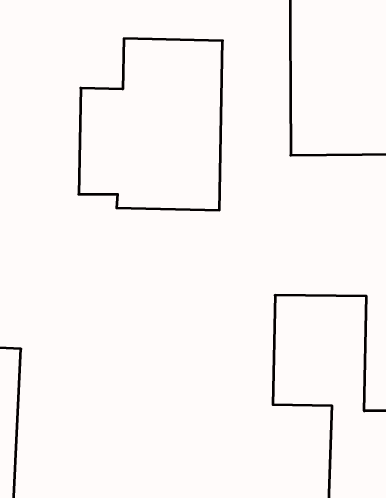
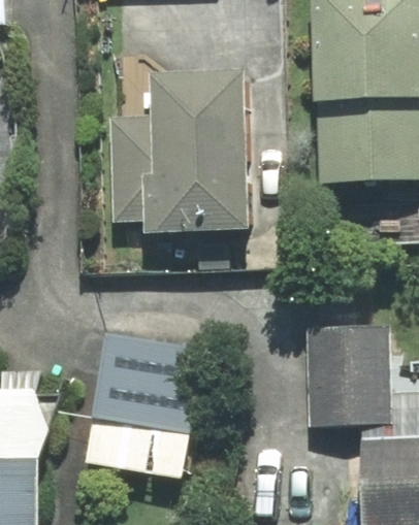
building: none -> [86,334,201,474]

